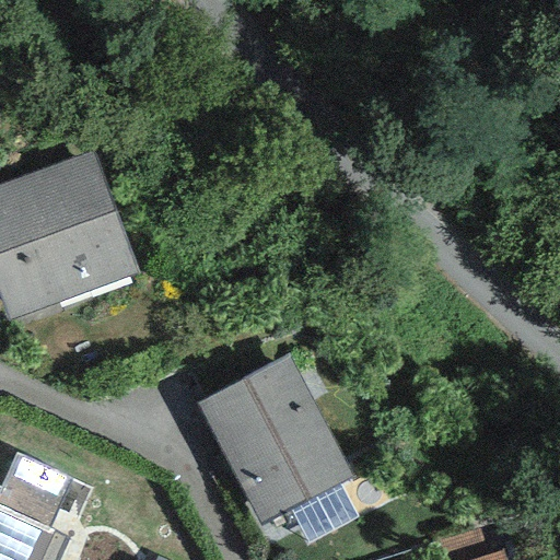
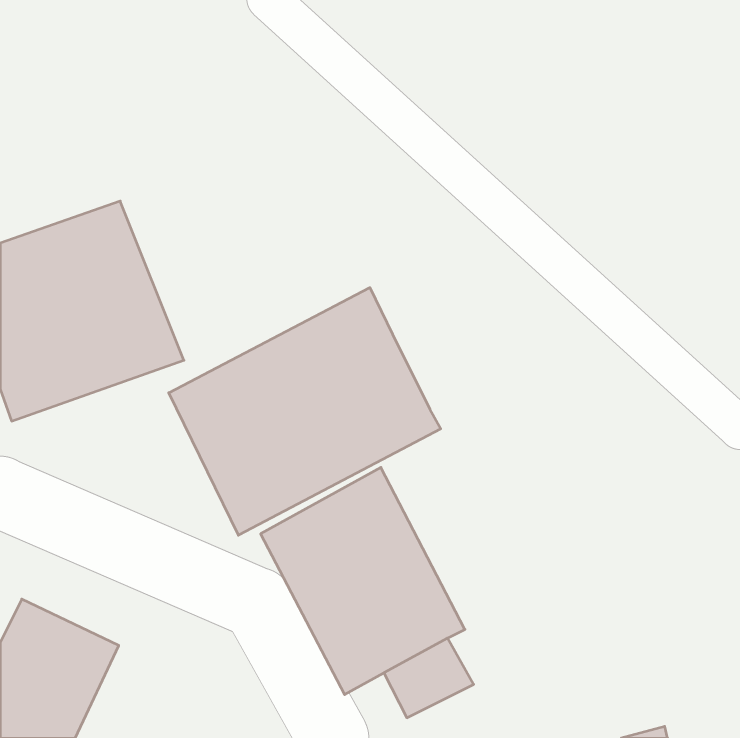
building: none -> [169,288,441,535]

